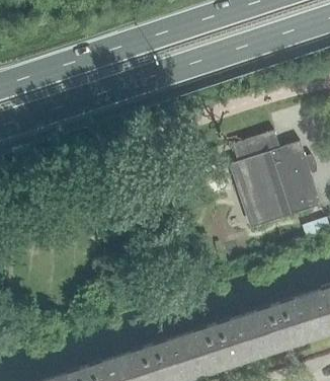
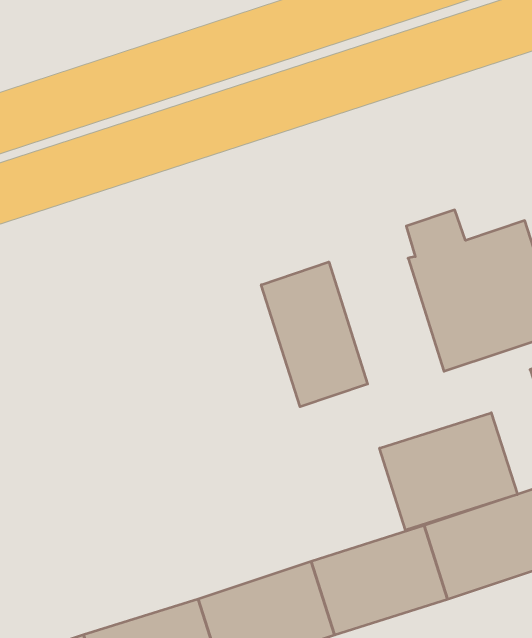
building: none -> [261,262,368,407]
building: none -> [380,413,517,530]

